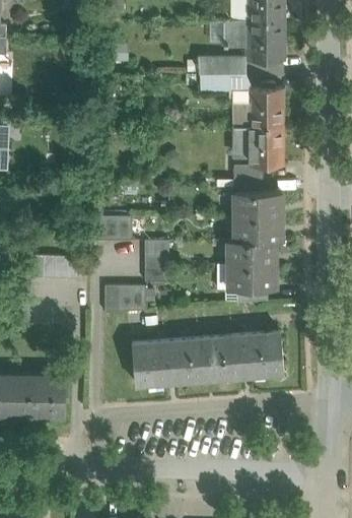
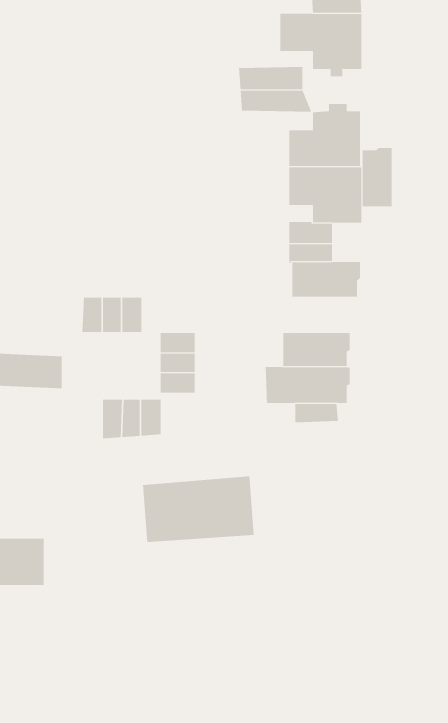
building: none -> [362,147,392,207]
building: [235,216,283,241] -> none
building: [207,333,283,380] -> none

